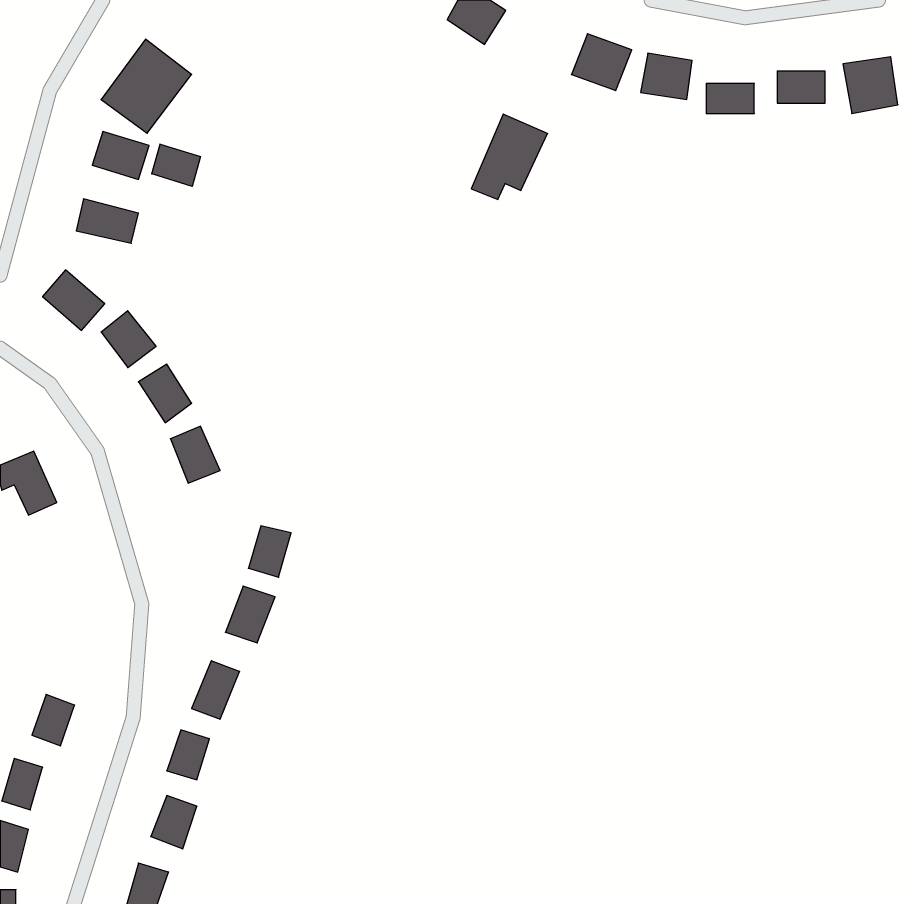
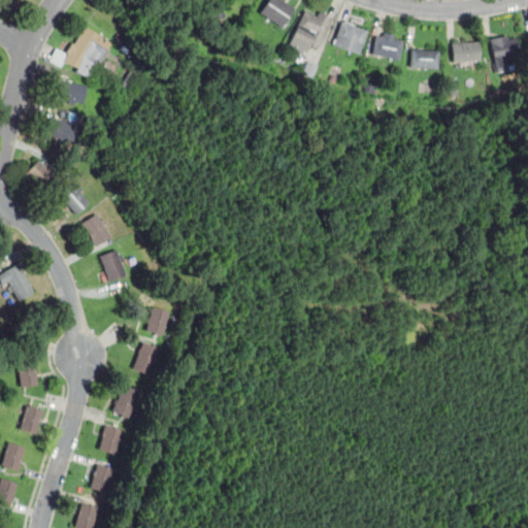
building: [471,114,548,199] -> [289,6,333,56]
building: [152,144,201,186] -> none
building: none -> [20,361,37,388]

